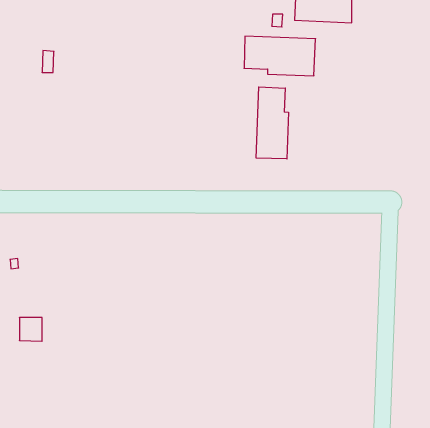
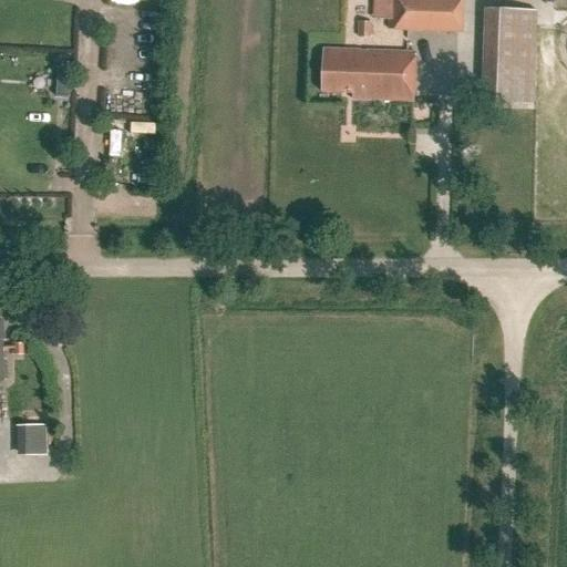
building: none -> [482,7,536,103]
building: [256,87,288,159] -> none

